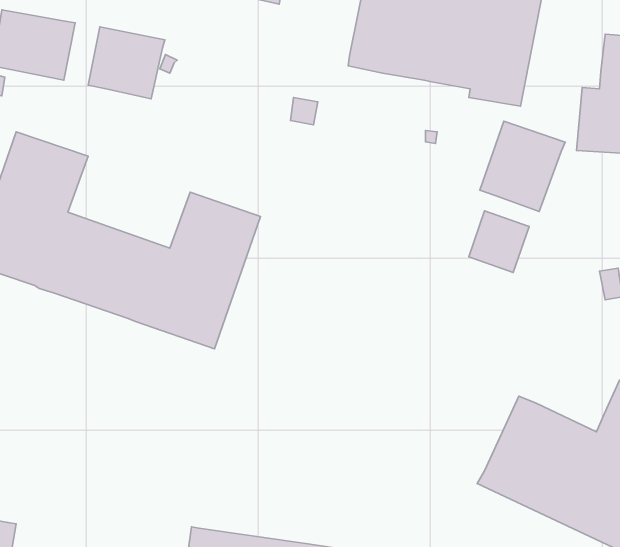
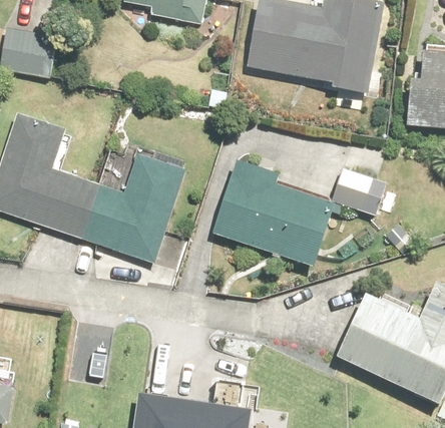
building: [88,27,165,99] -> none
building: [480,121,565,212] -> none
building: none -> [211,163,336,270]

